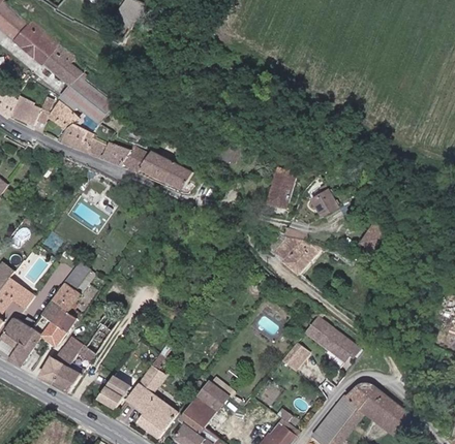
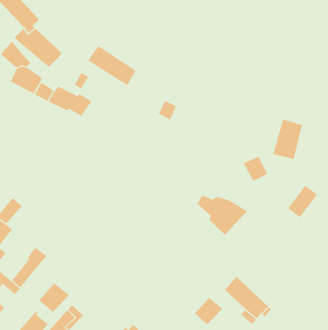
building: [141,151,192,189] -> [88,45,137,86]
building: [267,167,295,208] -> [273,119,303,159]
building: none -> [39,282,70,313]

